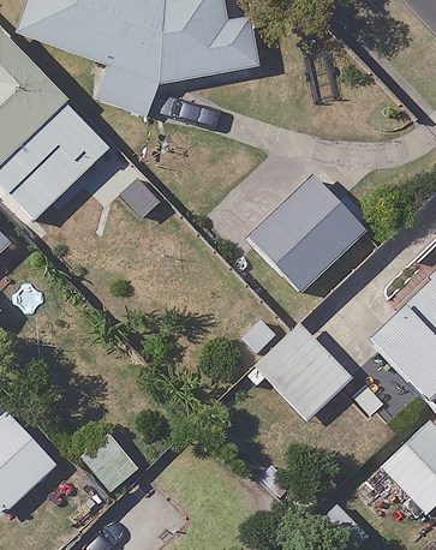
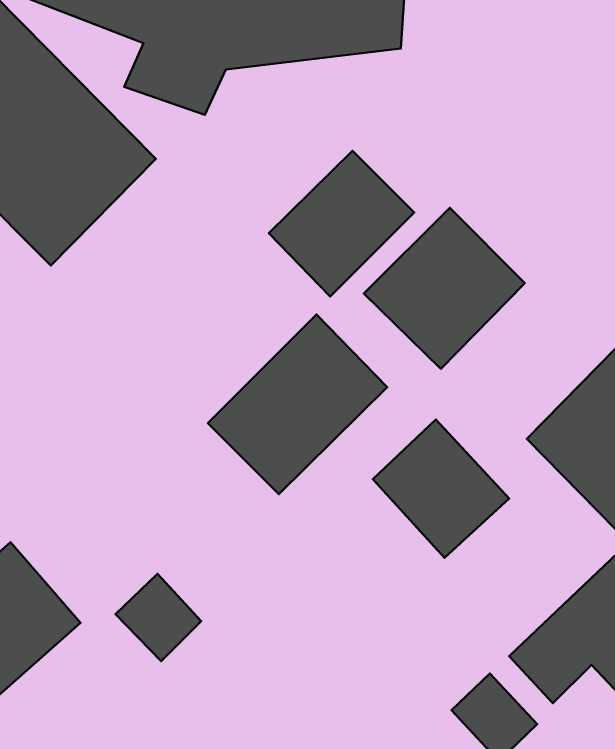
building: none -> [269,151,414,296]
building: none -> [208,314,387,494]

